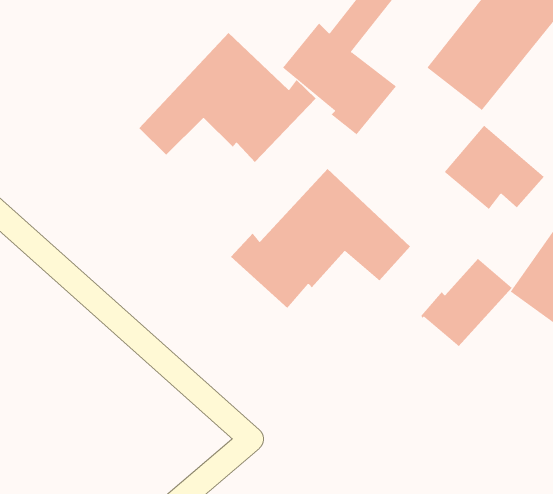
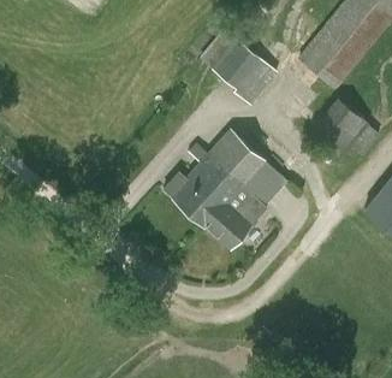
building: [139,32,317,163] -> none
building: [420,258,513,347] -> [203,187,267,248]

